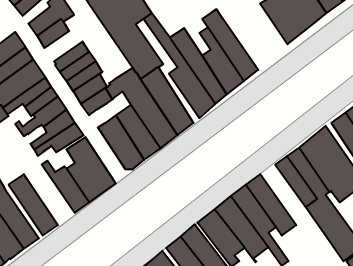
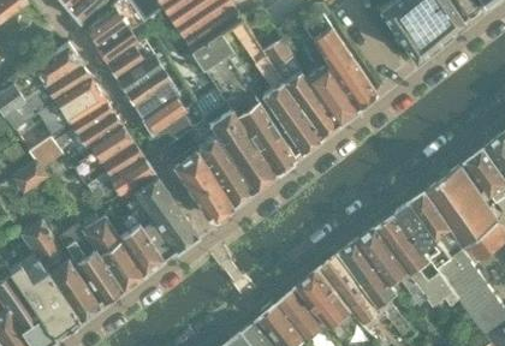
building: none -> [105,40,153,82]
building: none -> [378,213,458,305]
building: none -> [83,217,143,290]

